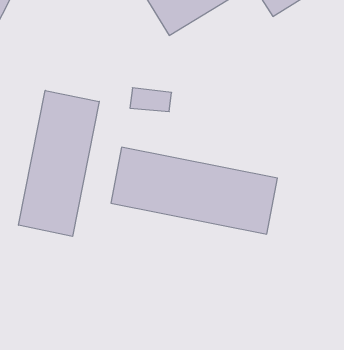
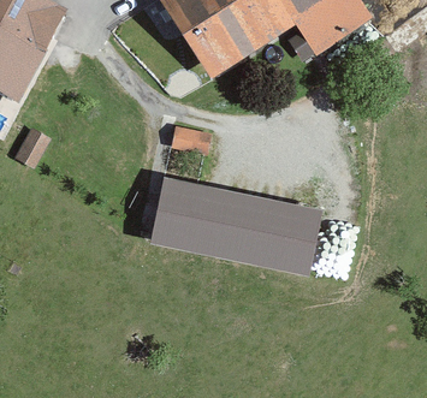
building: [19,90,99,236] -> none

